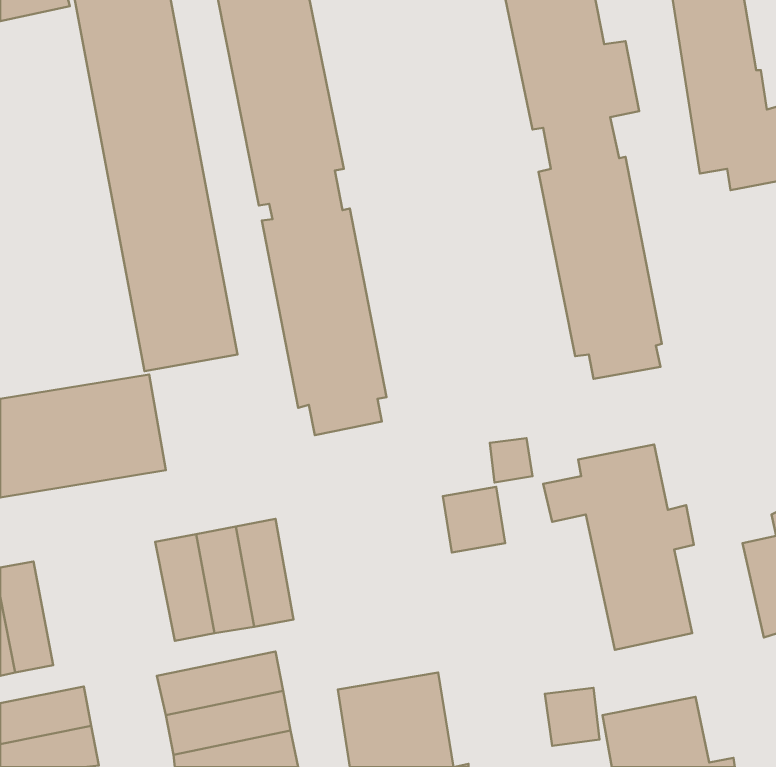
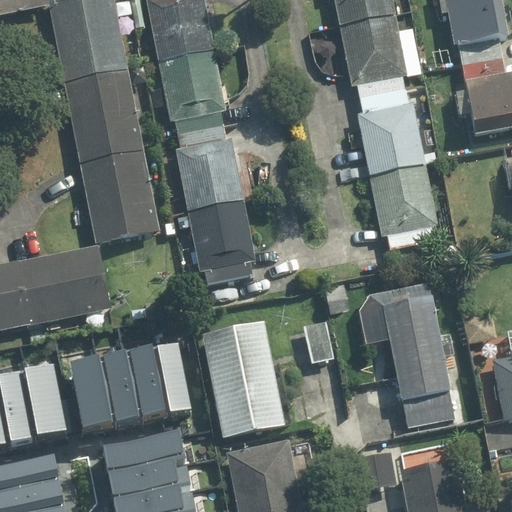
building: none -> [199,321,285,442]
building: none -> [72,356,116,427]
building: none -> [23,363,68,437]

